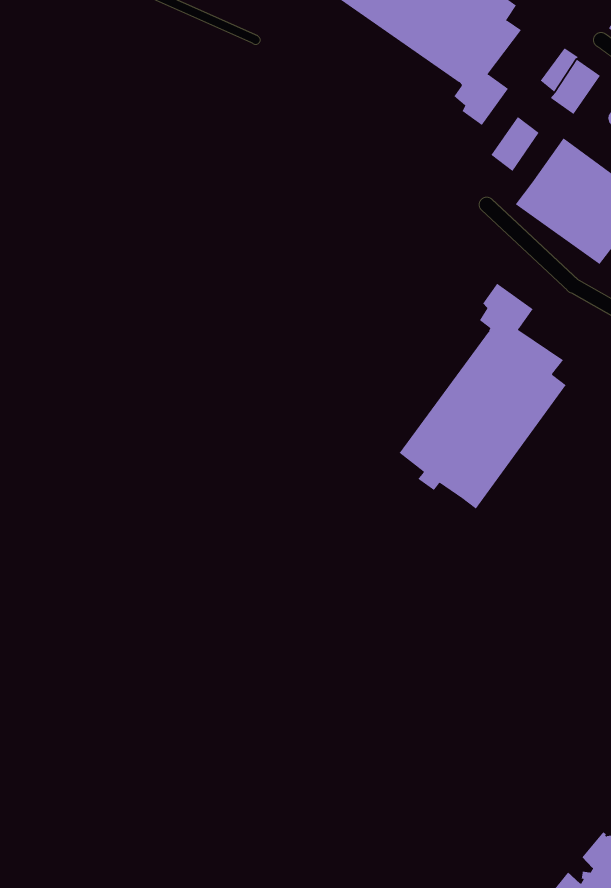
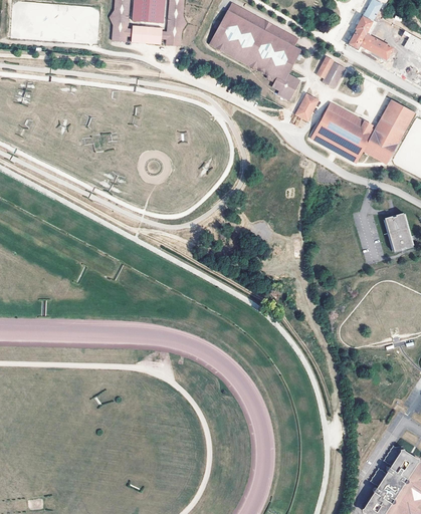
building: [399,283,566,509] -> none

